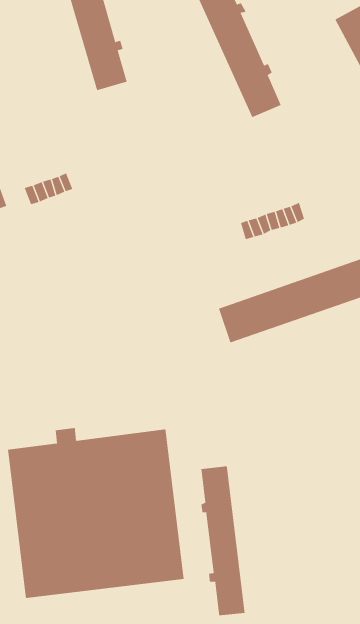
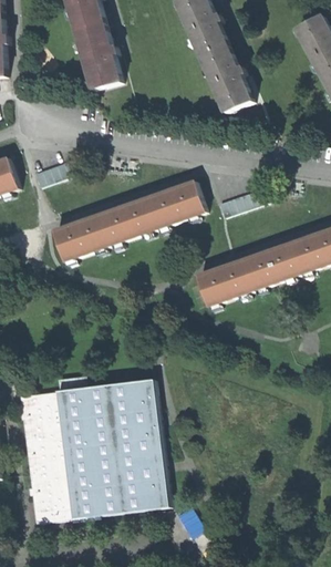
building: none -> [53,181,204,261]
building: [201,466,245,616] -> none

